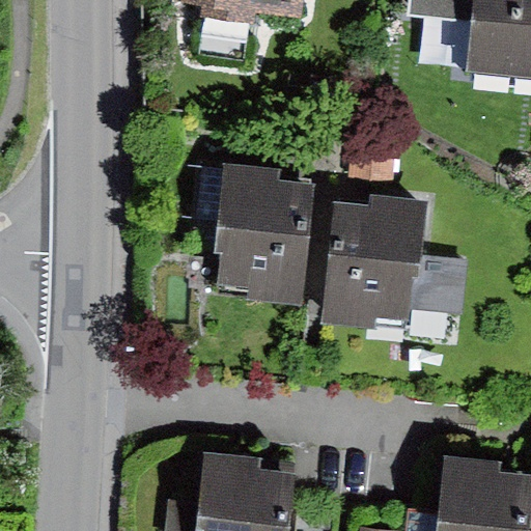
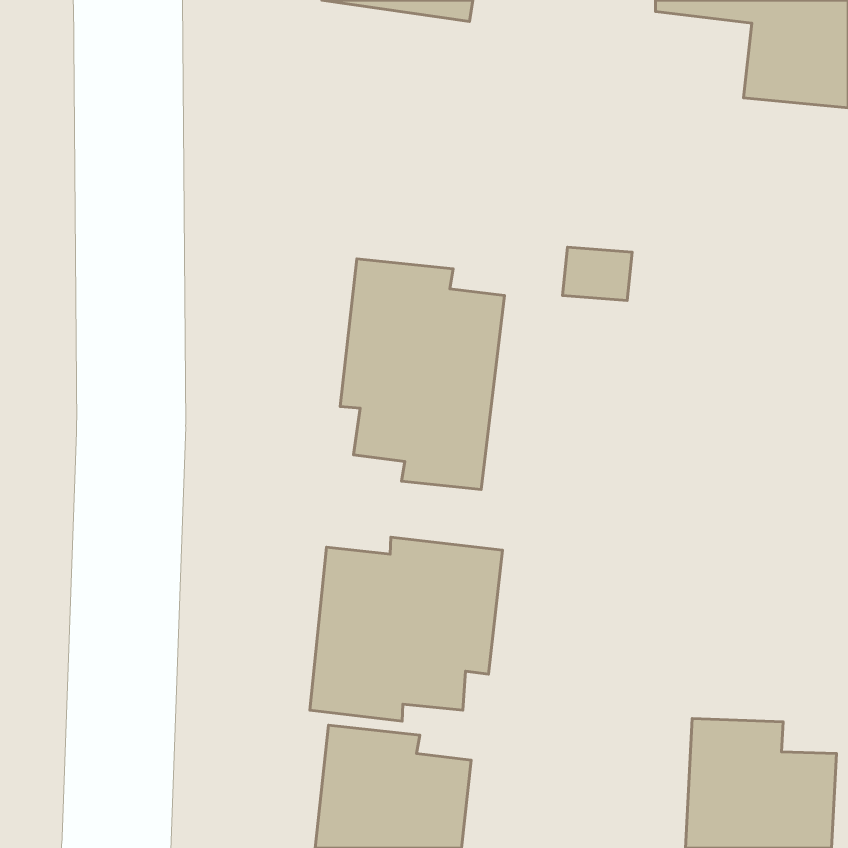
building: [323,196,469,329] -> none
building: none -> [310,537,502,721]

